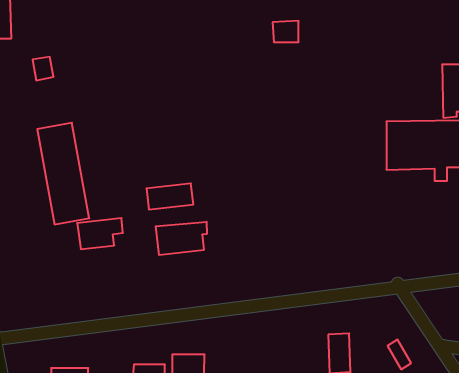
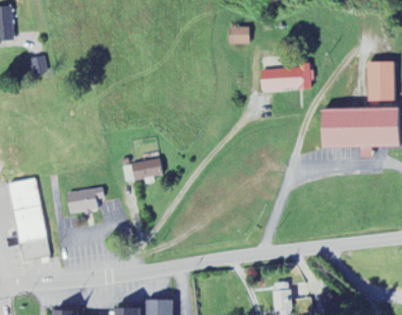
building: none -> [261,66,312,89]
building: [37,123,89,224] -> [8,178,51,261]
building: [156,222,207,255] -> none

